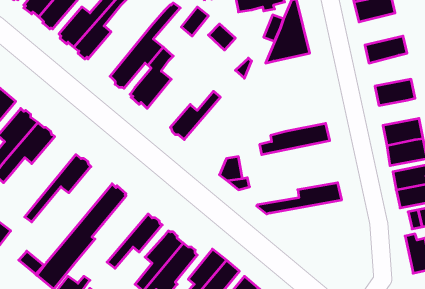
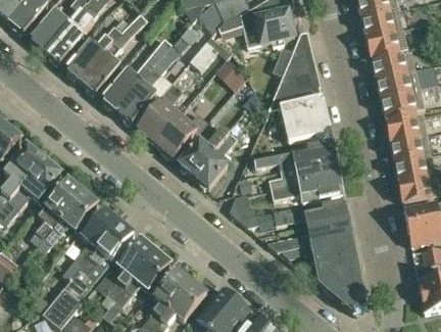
building: none -> [102,39,173,111]
building: none -> [372,51,415,80]
building: none -> [272,88,331,142]
building: none -> [381,88,425,117]
building: none -> [155,111,209,158]
building: none -> [193,133,238,188]
building: none -> [391,134,432,161]
building: none -> [255,142,337,172]
building: none -> [272,177,344,201]
building: none -> [37,179,83,238]
building: none -> [274,201,349,227]
building: none -> [61,208,119,281]
building: none -> [280,237,366,313]
building: none -> [96,238,156,300]

